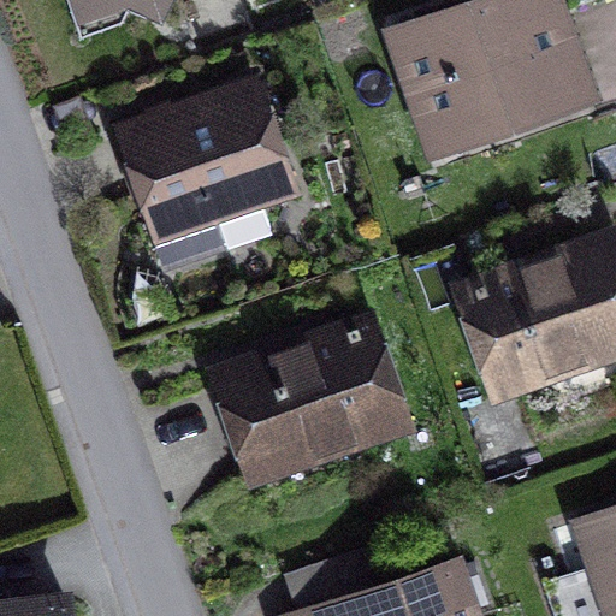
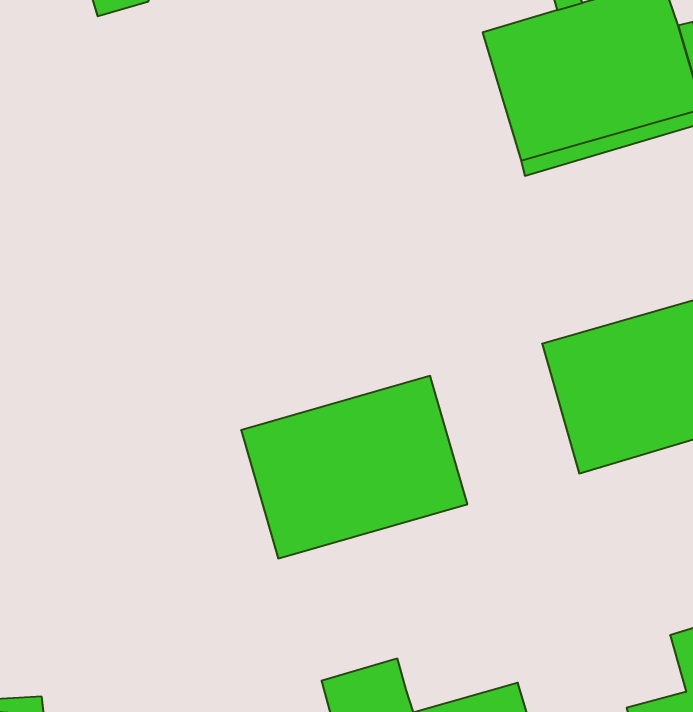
building: [126,87,290,262] -> none

